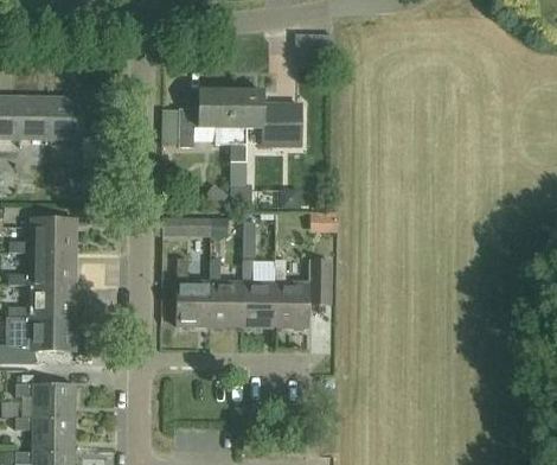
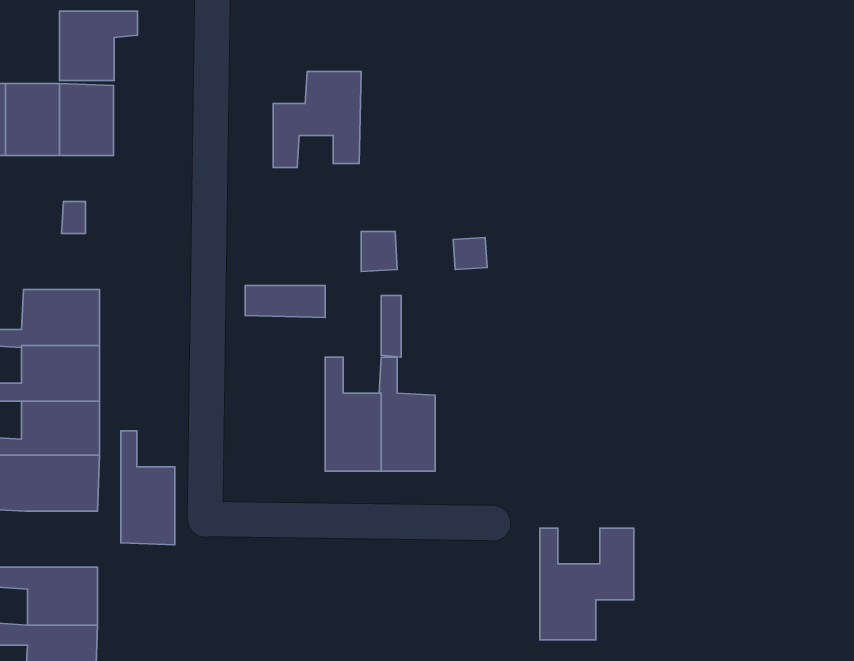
building: none -> [59,11,138,80]
building: [230,90,302,161] -> none
building: [178,260,210,327] -> [121,431,175,545]
building: [275,261,331,327] -> [540,528,634,640]

